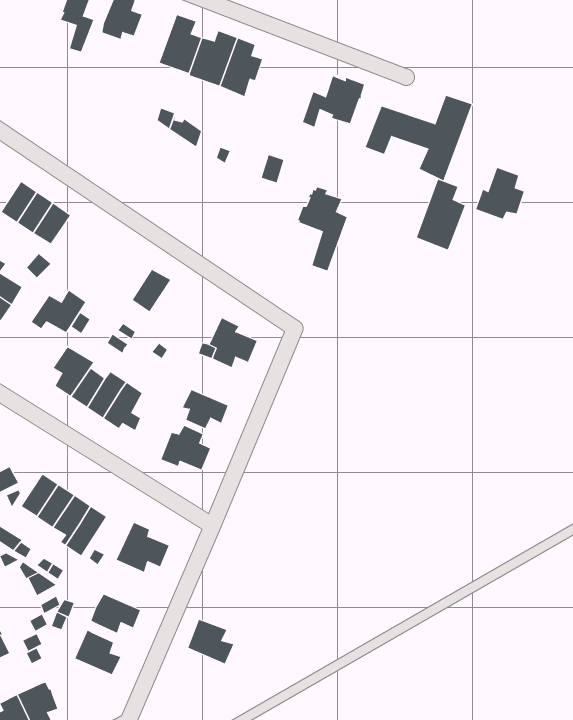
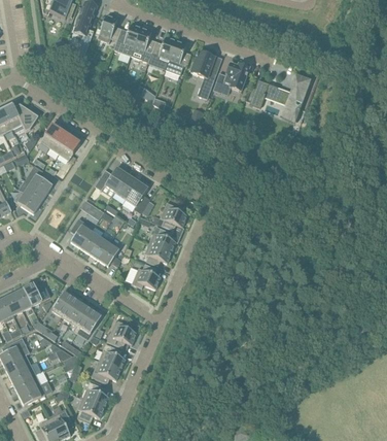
building: none -> [113,23,141,55]
building: [475,167,524,220] -> none
building: [416,179,466,250] -> none
building: [297,187,347,271] -> [189,49,218,98]
building: none -> [122,179,150,212]
building: [31,290,86,333] -> [95,166,127,191]
building: none -> [149,225,176,251]
building: [188,619,234,664] -> [99,343,126,369]
building: none -> [77,397,104,420]

